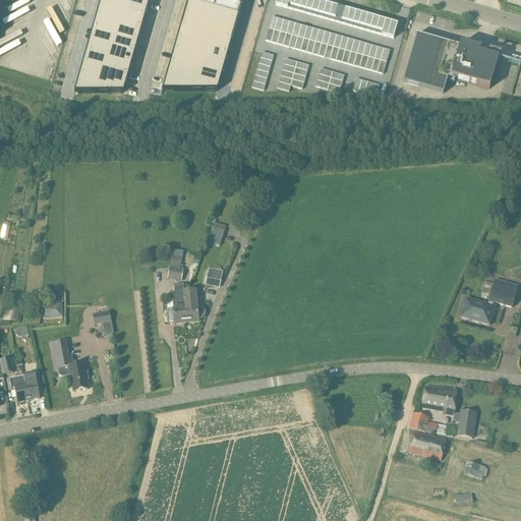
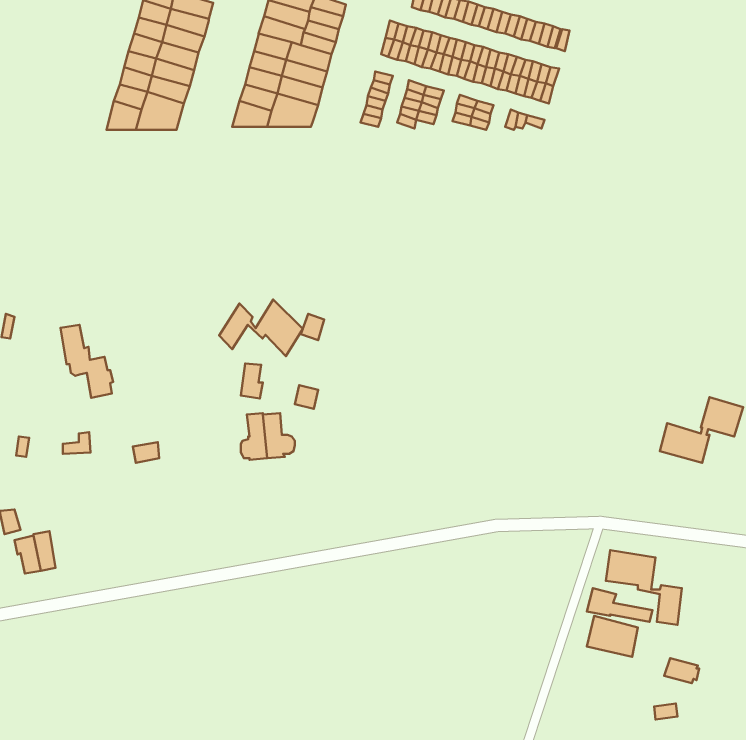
building: [403,33,498,91] -> none
building: none -> [219,300,303,356]
building: [52,338,89,389] -> [61,325,113,398]

